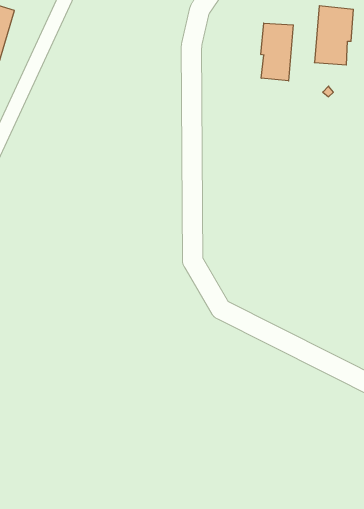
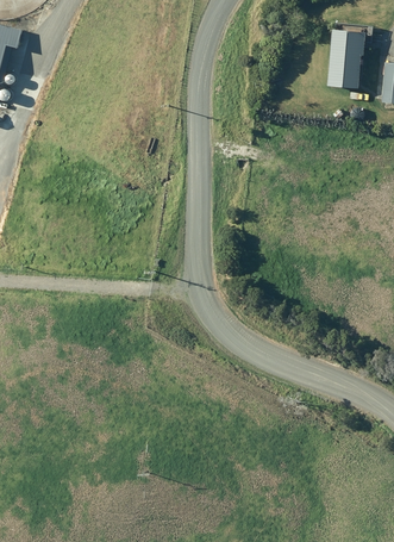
building: [261,23,293,81] -> none

